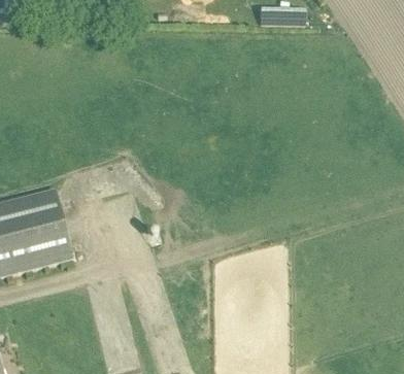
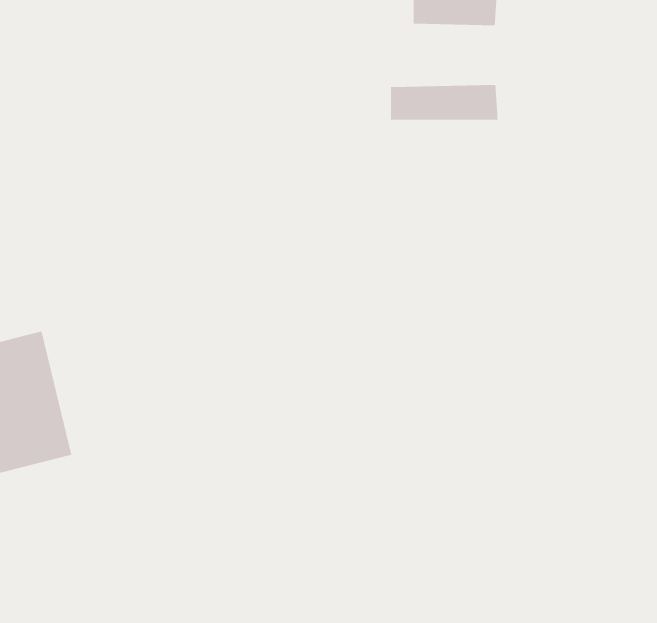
building: none -> [390,84,498,121]

